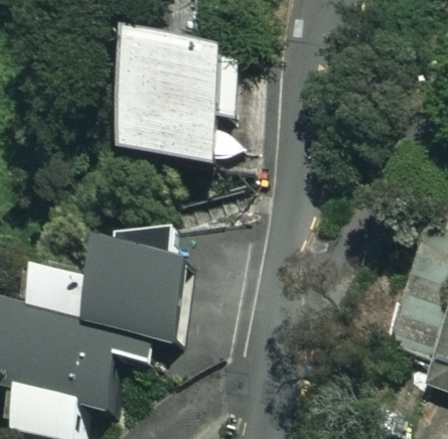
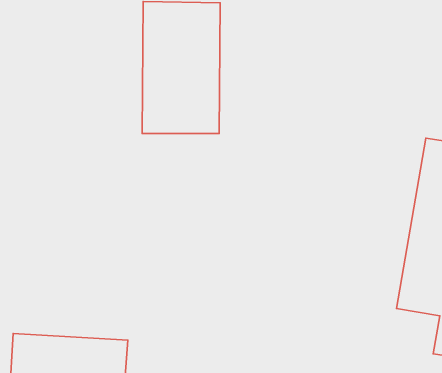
building: [110,246,210,335] -> none

